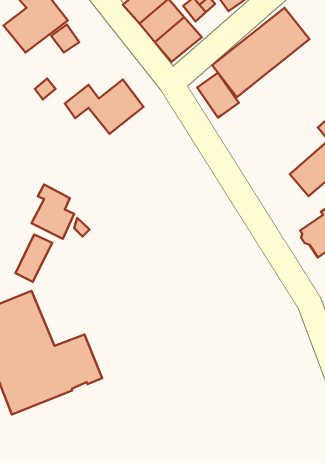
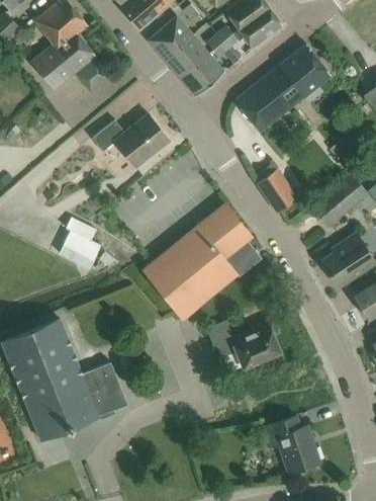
building: [197,73,239,117] -> [257,169,297,213]
building: none -> [144,204,259,317]
building: [15,235,52,282] -> none
building: none -> [216,317,284,372]
building: none -> [265,416,320,474]

